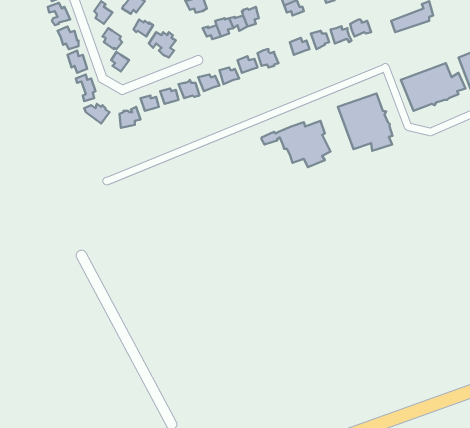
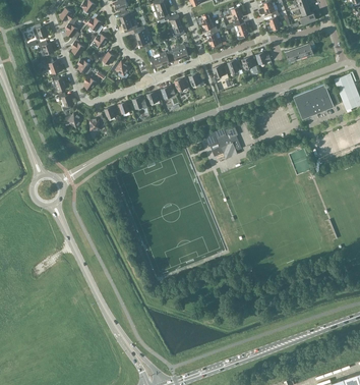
building: [338,93,392,151] -> none

